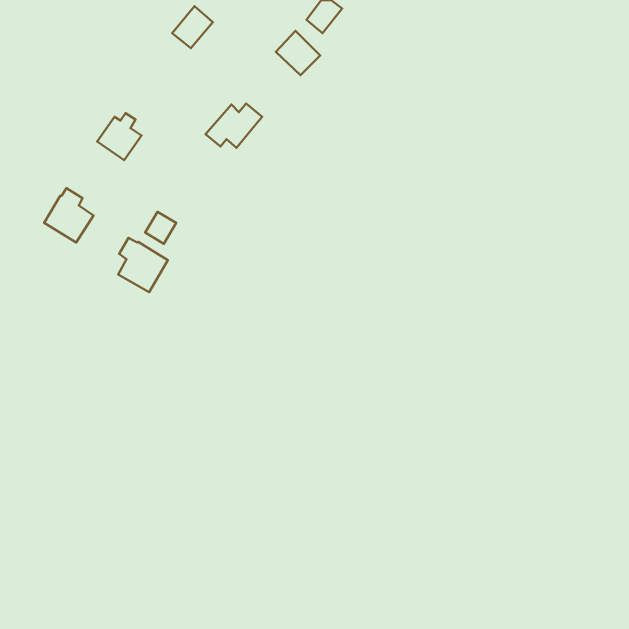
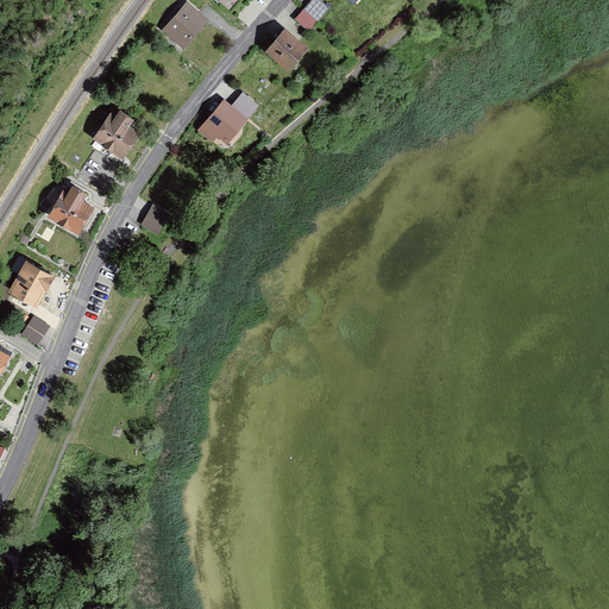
building: [118,238,168,292] -> none
building: none -> [11,262,51,303]
building: none -> [18,316,49,349]

